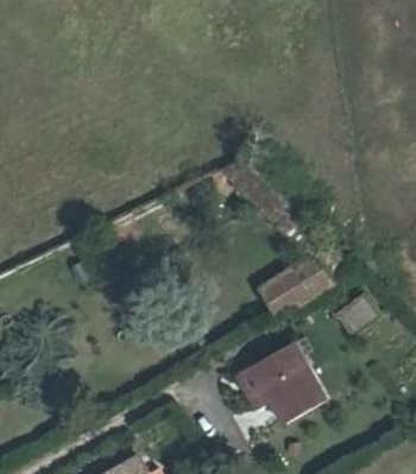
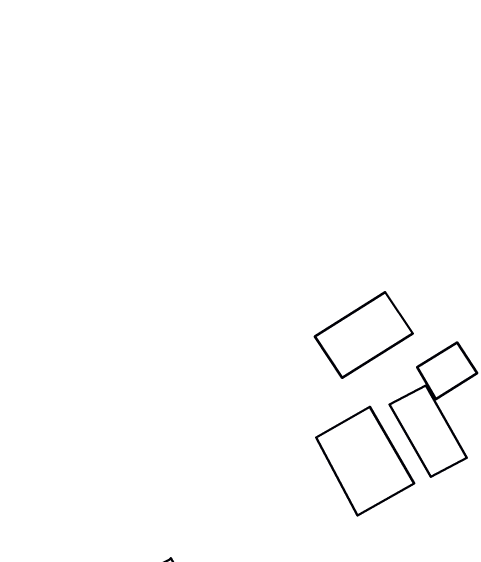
building: none -> [390,385,467,477]

